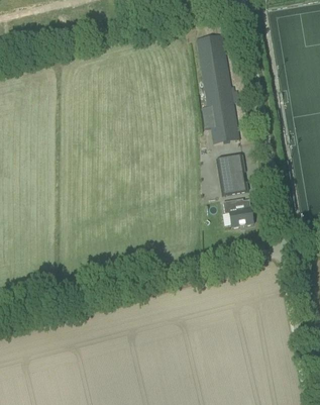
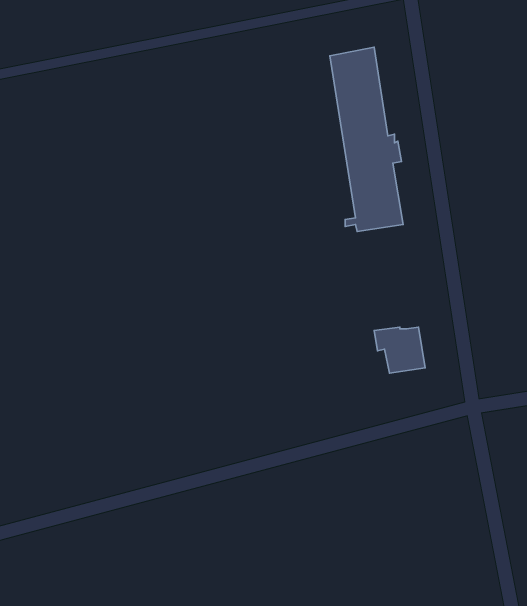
building: [215,155,247,194] -> none

